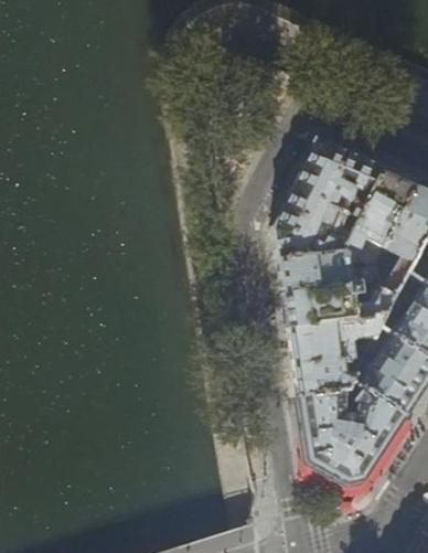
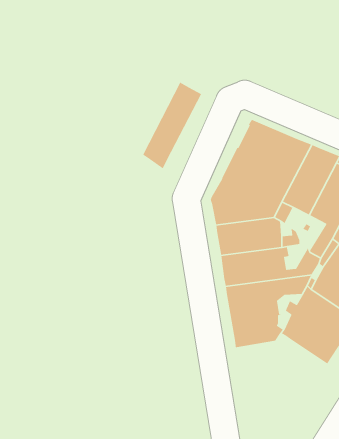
building: none -> [142,81,202,170]
building: [301,389,406,490] -> none

